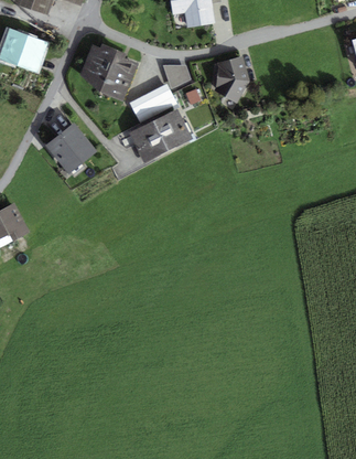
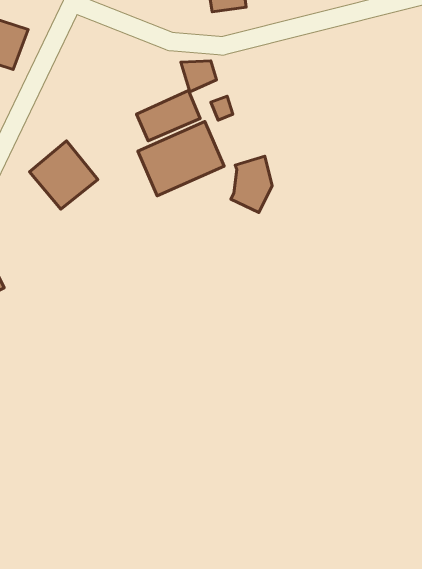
building: [79,44,132,97] -> none
building: [213,56,244,98] -> [231,156,272,213]

